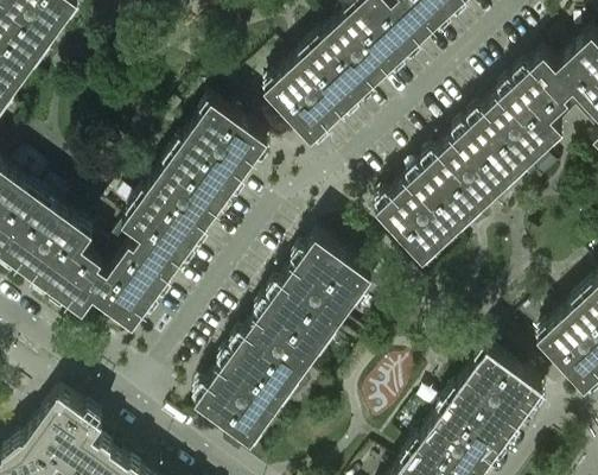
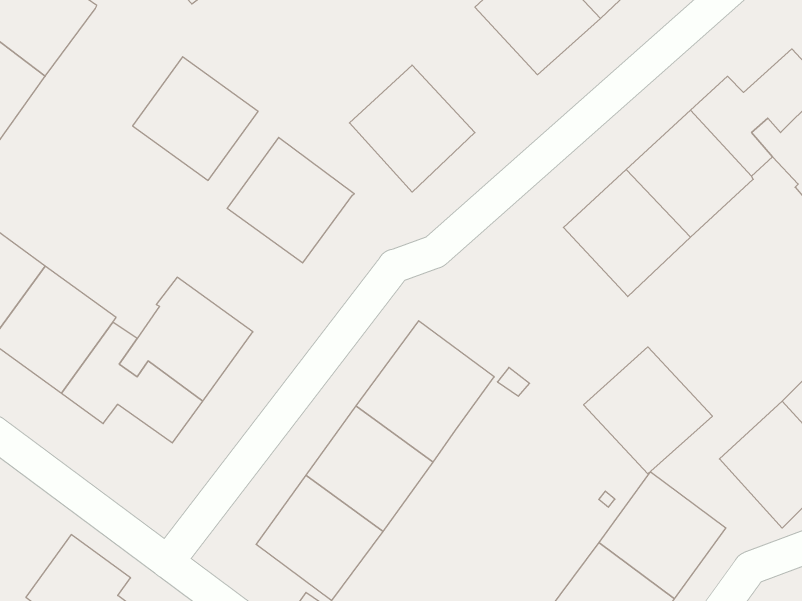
building: [310,7,402,100] -> none
building: [136,156,229,247] -> [133,57,258,180]
building: [374,170,469,264] -> [584,347,712,474]

